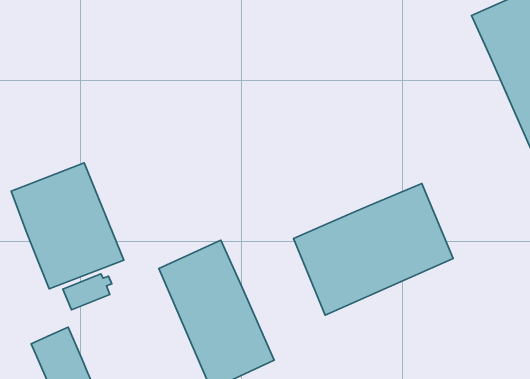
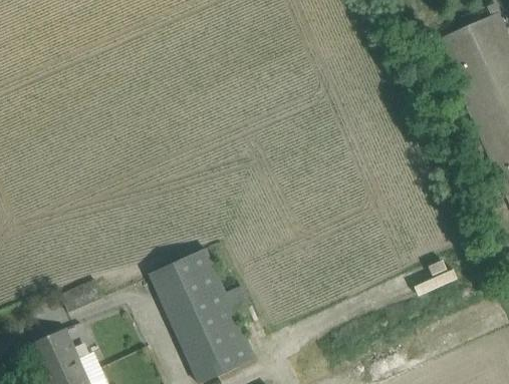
building: [11,163,124,289] -> none
building: [294,184,453,315] -> none

